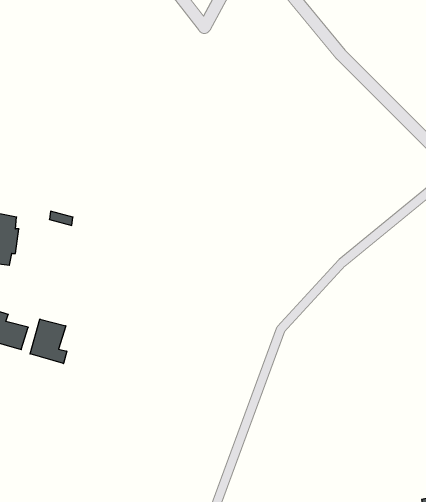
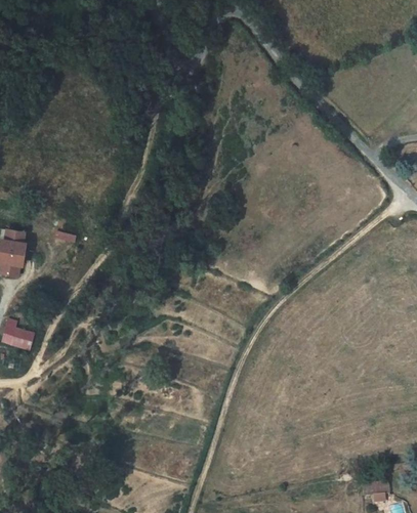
building: [30,319,67,364] -> none

